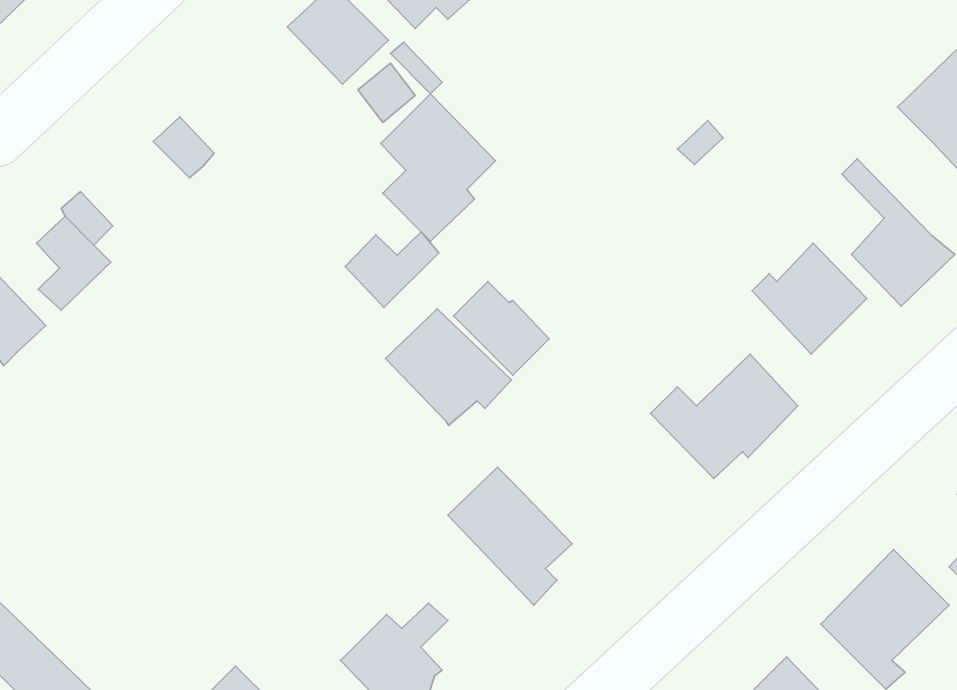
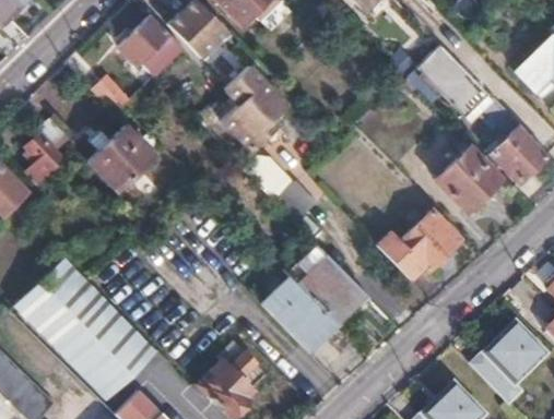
building: none -> [119,16,181,71]
building: none -> [417,45,487,117]
building: none -> [89,128,151,190]
building: [345,232,439,308] -> none
building: [385,309,512,426] -> [295,254,367,321]
building: none -> [21,262,150,392]

